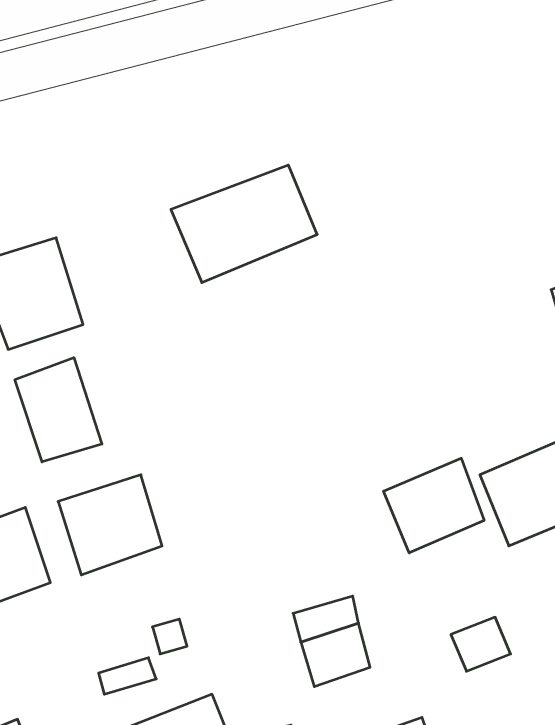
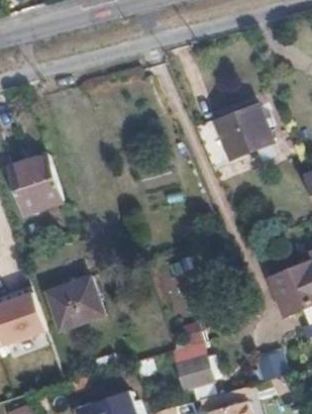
building: [171,165,317,283] -> [195,103,272,165]
building: [15,358,102,462] -> none
building: [384,458,484,553] -> none

